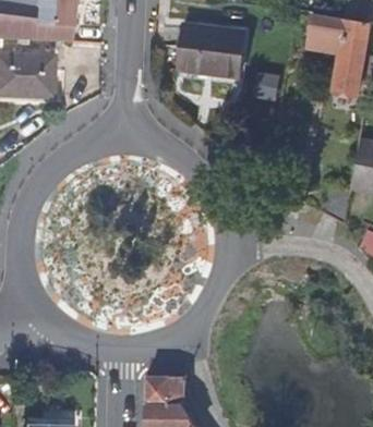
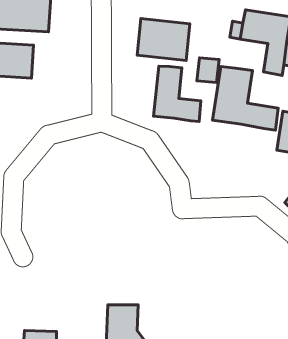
building: none -> [153,66,201,122]
building: none -> [212,66,278,130]

